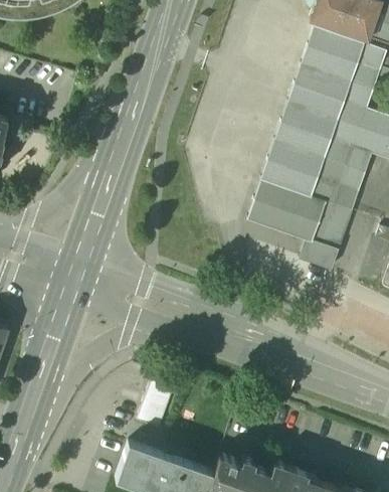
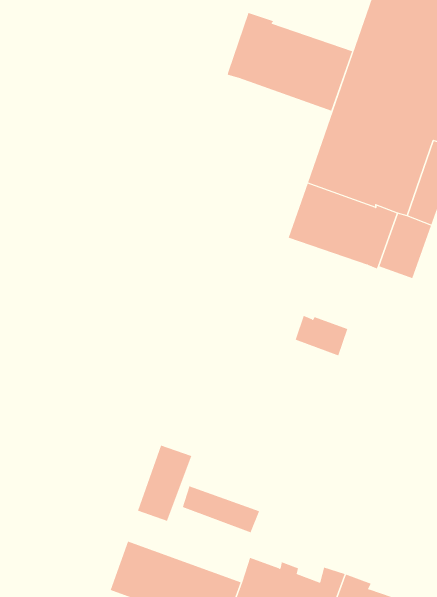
building: none -> [227,12,353,111]
building: [299,240,338,271] -> [295,315,348,356]
building: none -> [182,485,260,533]

